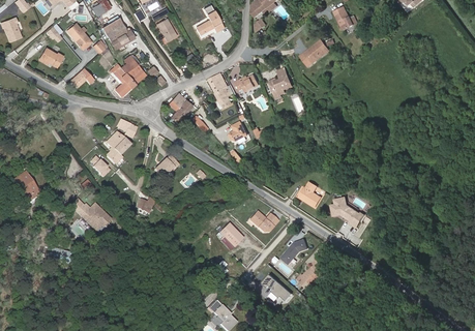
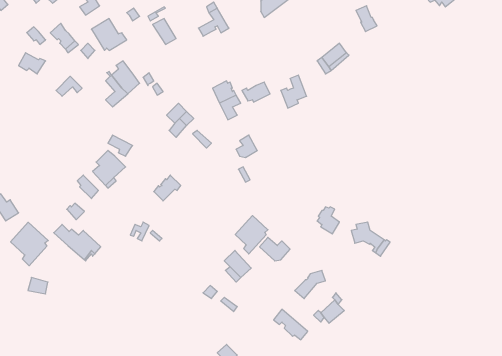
building: none -> [235,216,268,254]
building: none -> [11,222,48,266]

